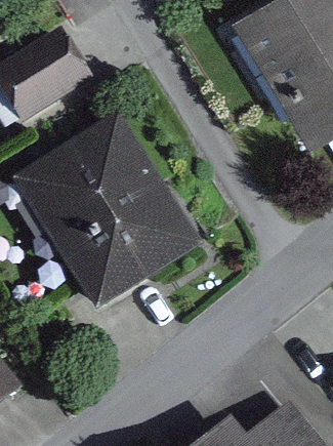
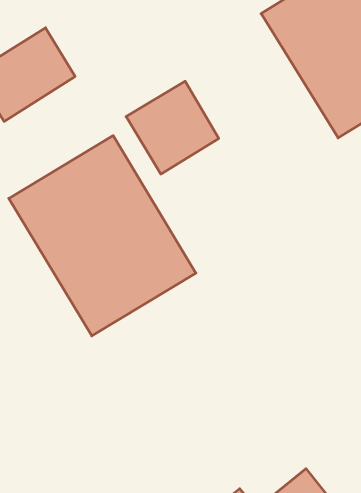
building: none -> [126,81,219,174]

